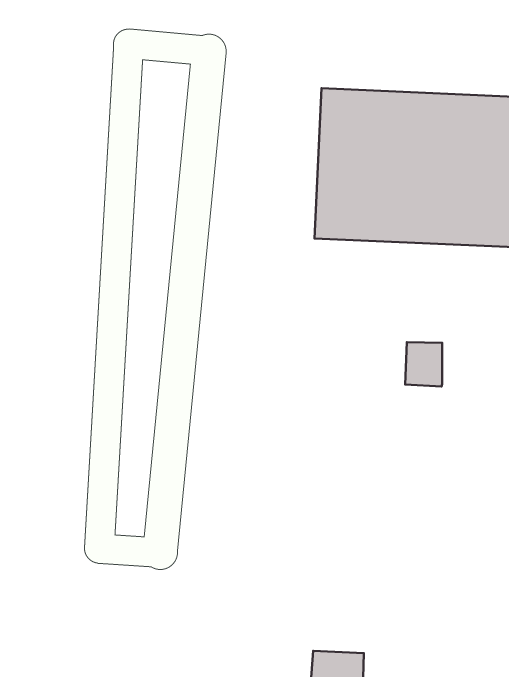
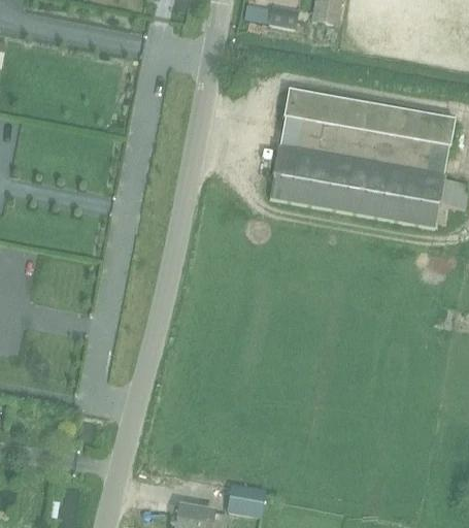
building: [405,342,442,387] -> none

